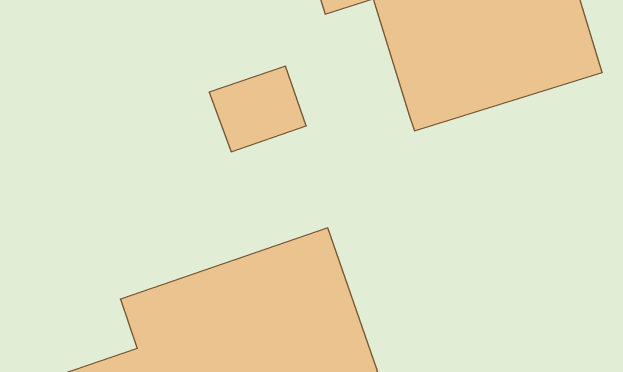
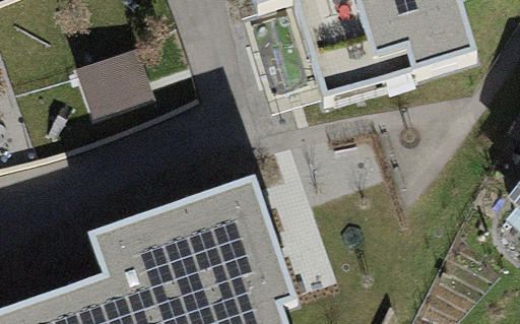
building: [209,66,306,152] -> [78,47,154,114]

